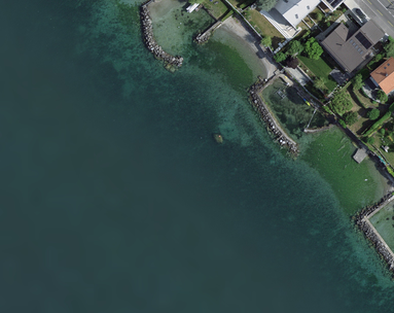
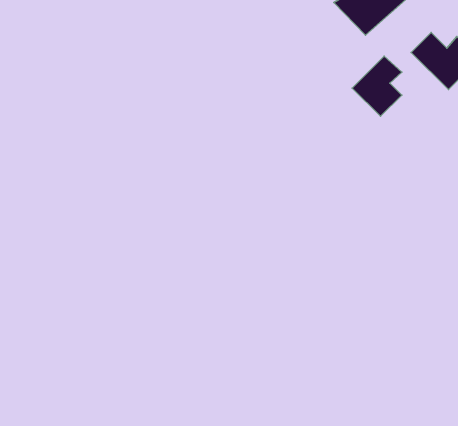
building: none -> [352,56,402,116]

